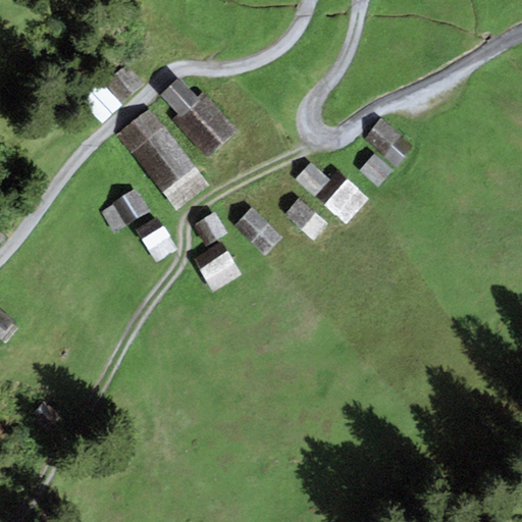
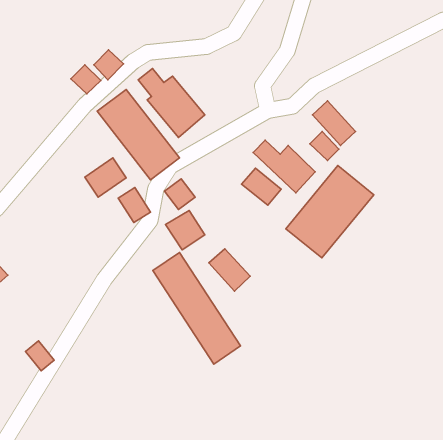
building: none -> [286,166,374,258]
building: [233,206,281,255] -> [209,249,250,291]
building: none -> [153,252,241,364]

